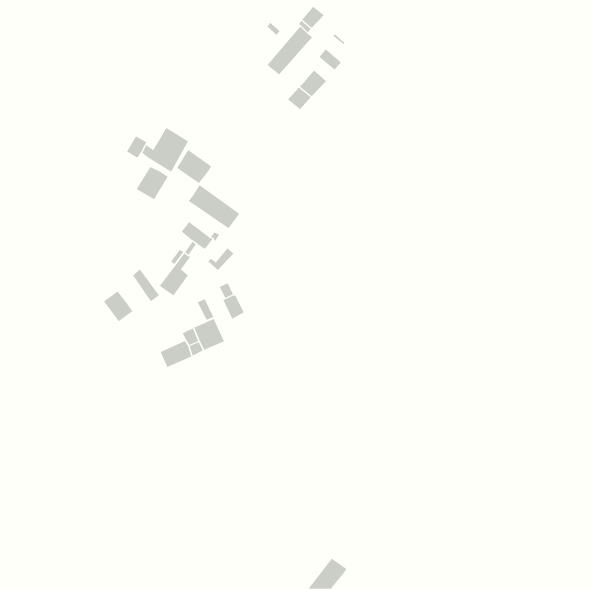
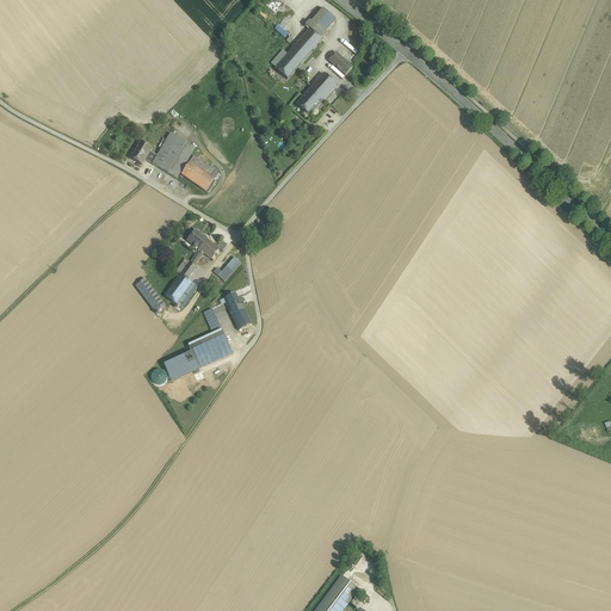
building: [136,166,168,200] -> none
building: [188,184,240,229] -> none
building: [103,290,133,322] -> none

